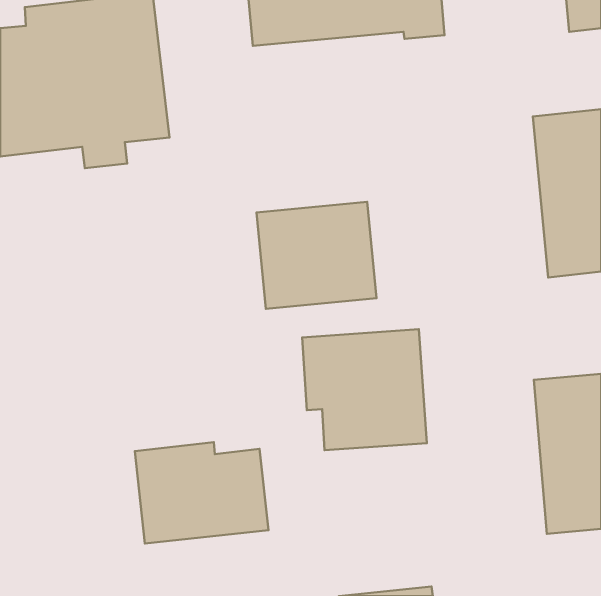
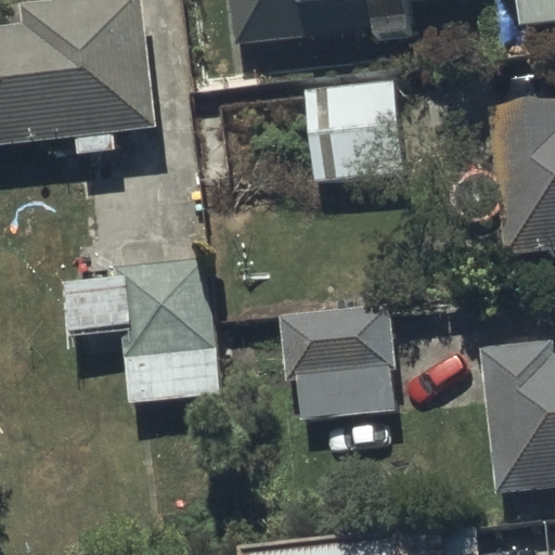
building: [257,202,377,309] -> [305,79,415,178]
building: none -> [63,256,219,404]
building: [135,442,269,544] -> none

